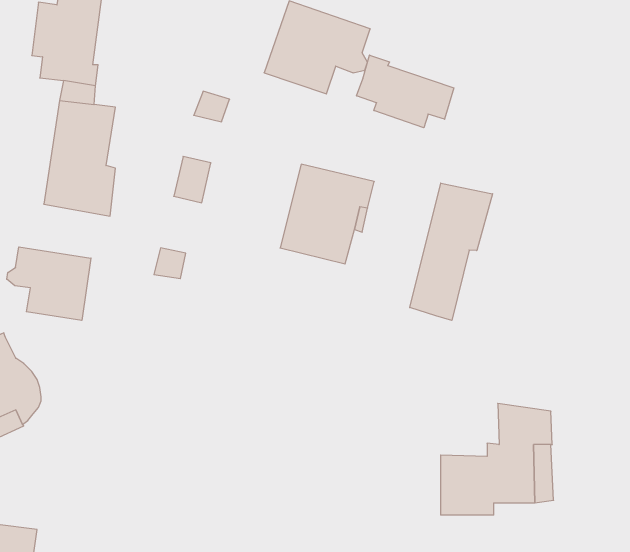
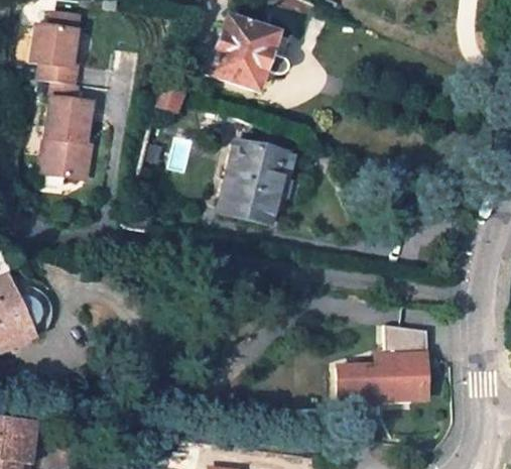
building: [357,55,454,128] -> none
building: [410,183,493,320] -> none
building: [7,247,91,320] -> none

